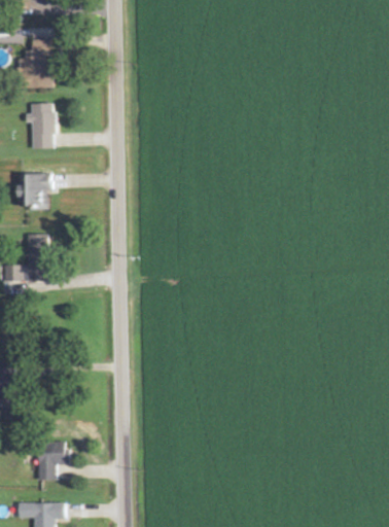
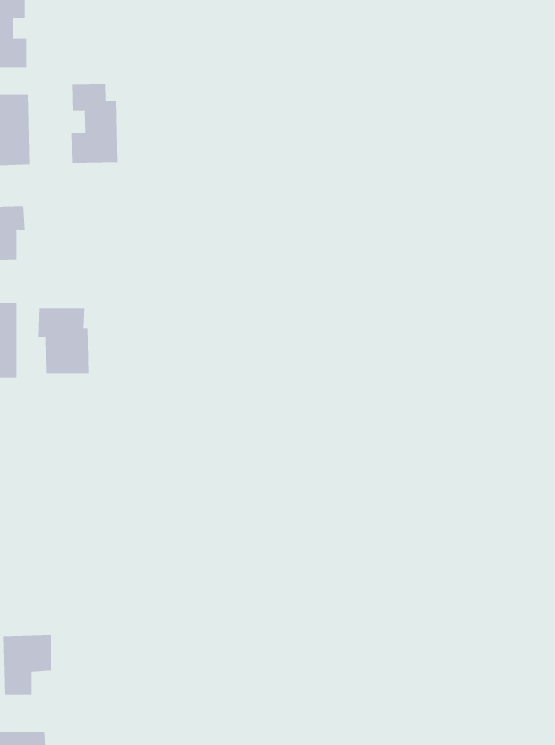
building: none -> [71,83,118,164]
building: none -> [38,307,89,374]

